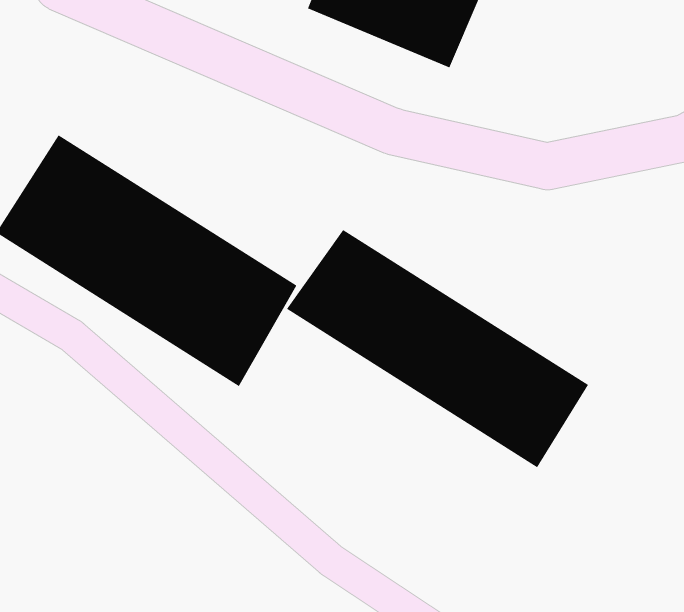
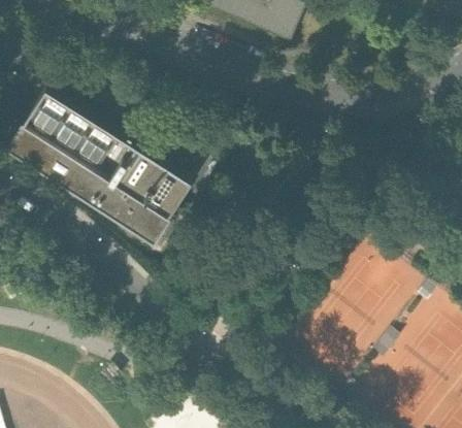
building: [286,229,589,468] -> none

